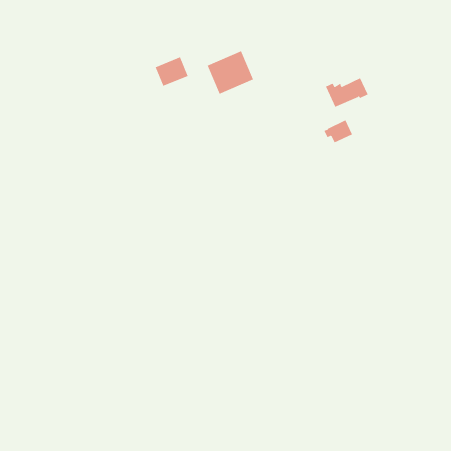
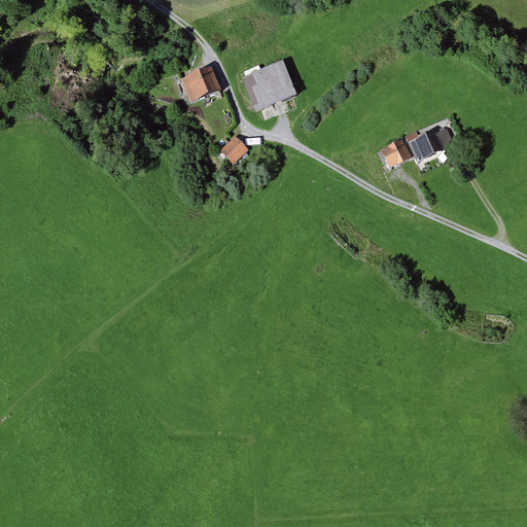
building: [325,78,368,108] -> [406,127,456,162]
building: none -> [219,136,248,164]

